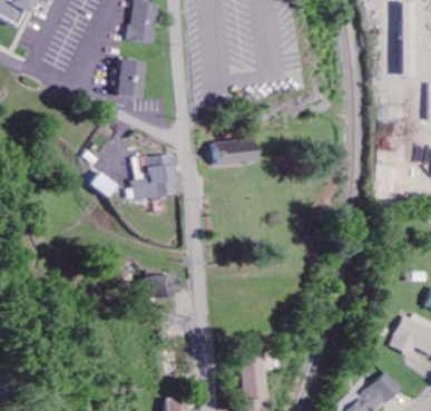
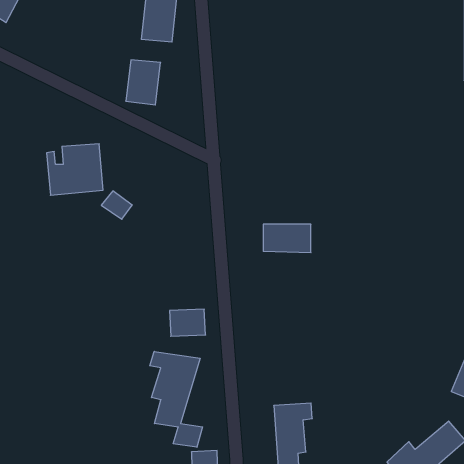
building: [216,139,257,164] -> [263,224,311,253]
building: [129,154,178,198] -> [47,144,103,195]
building: none -> [150,351,203,447]

